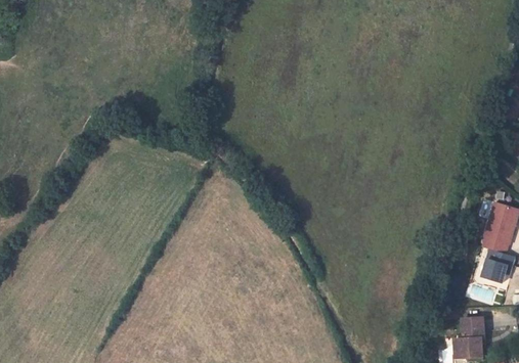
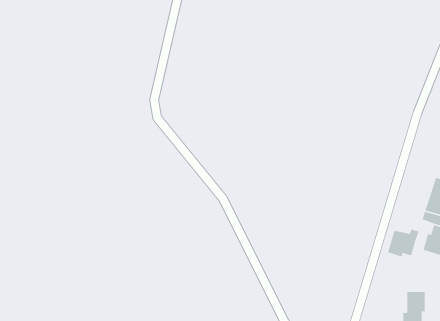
building: none -> [387,229,420,257]

